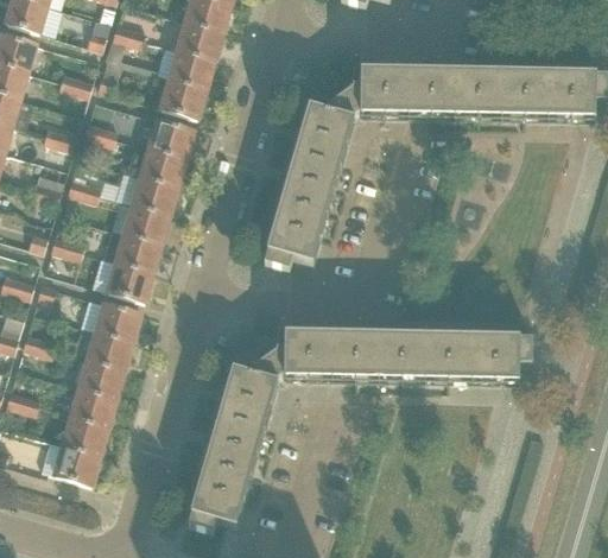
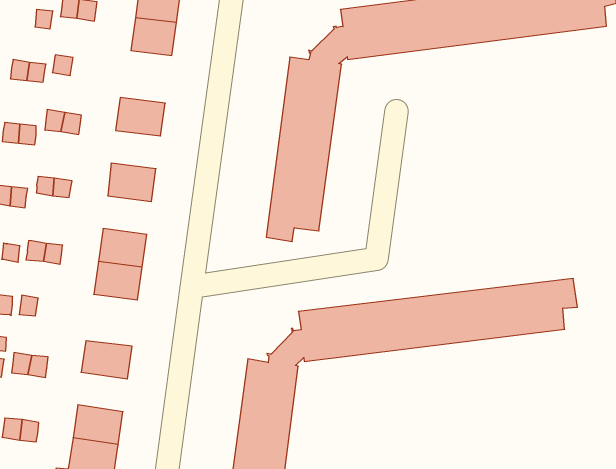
building: [162,76,205,115] -> none
building: [138,145,185,184] -> none
building: [122,202,169,241] -> none
building: [93,298,141,338] -> none
building: [77,355,125,395] -> none

